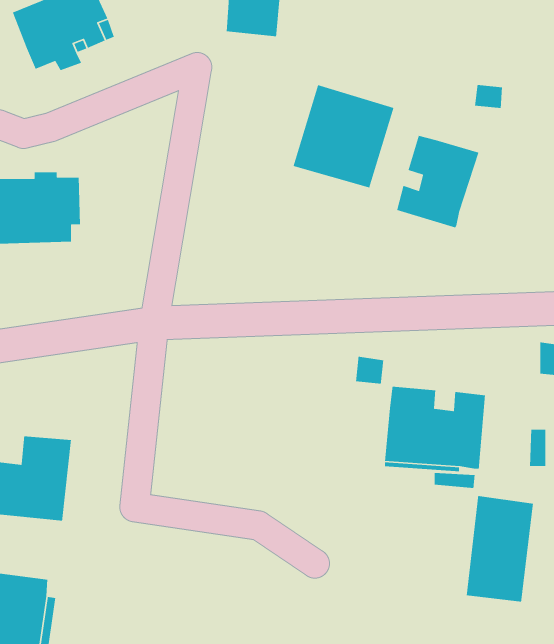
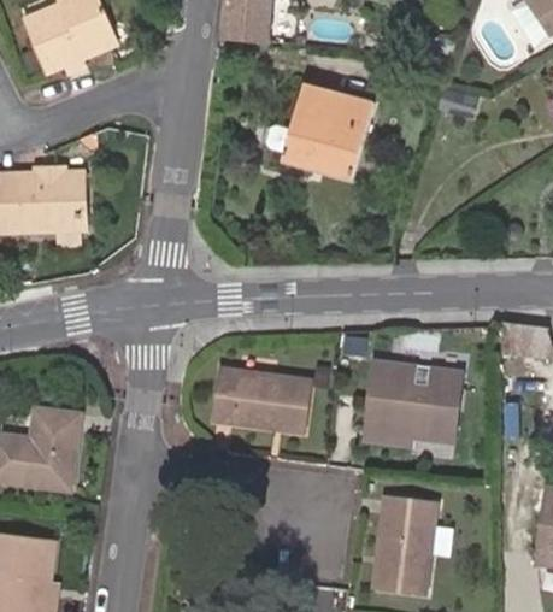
building: [396,135,479,229] -> none
building: none -> [216,371,310,431]
building: [466,495,534,602] -> [373,493,436,592]

